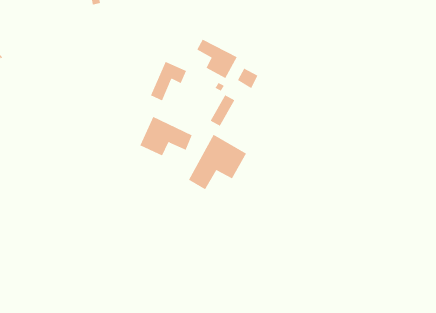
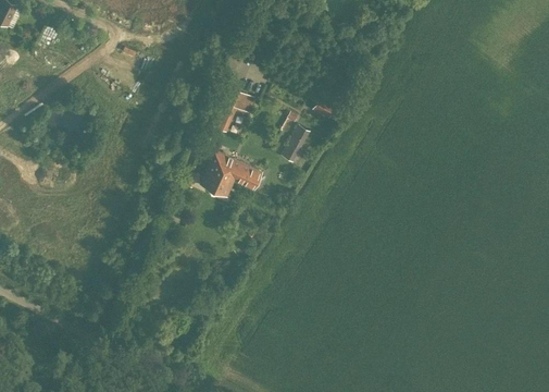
building: [196,39,237,79] -> none
building: [188,134,247,190] -> none

